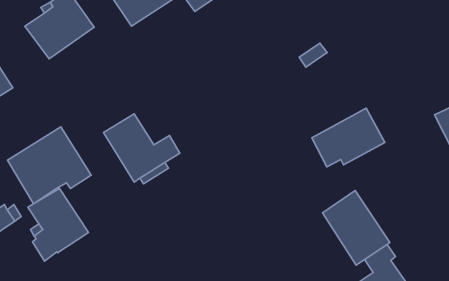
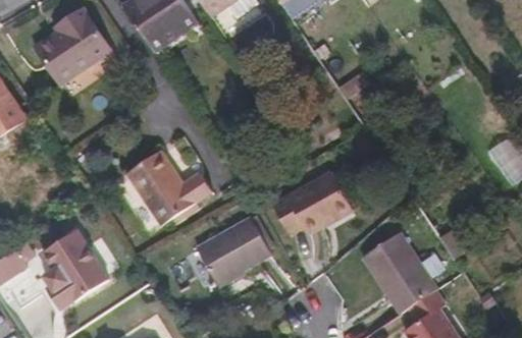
building: [312,108,385,167] -> [272,171,352,235]
building: [8,127,91,204] -> none
building: none -> [196,216,270,285]

